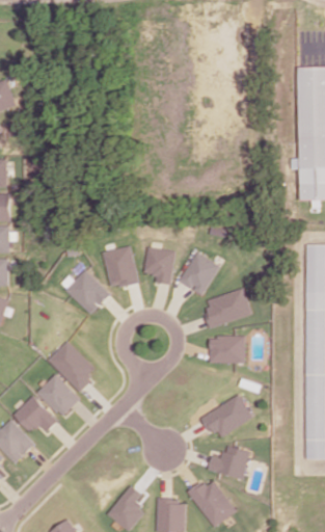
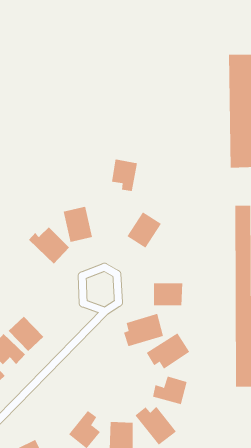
building: [143,246,174,285] -> [111,159,138,191]
building: [202,288,250,327] -> [123,313,164,347]
building: [49,341,96,393] -> none

